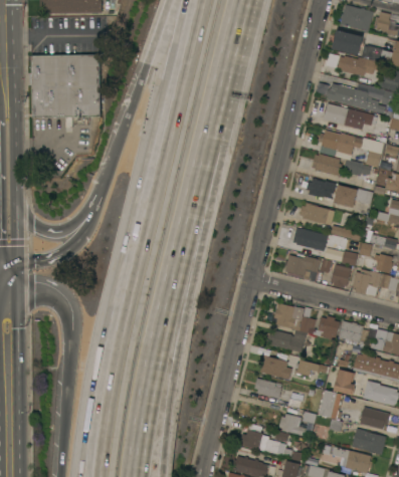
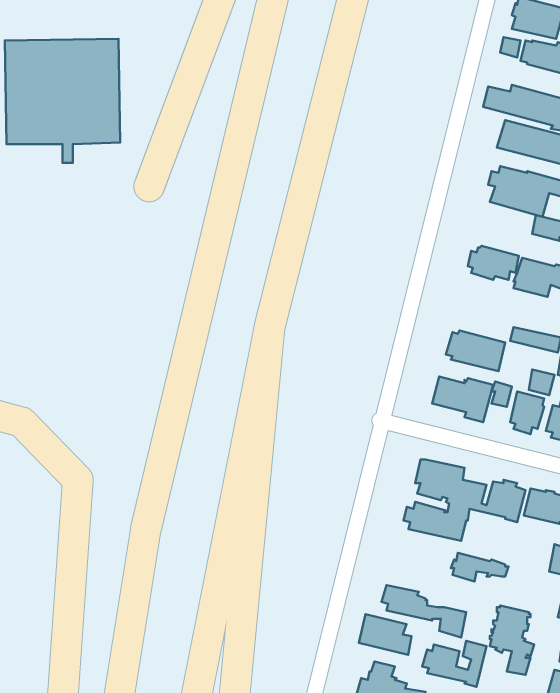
building: [312,154,342,177] -> none
building: [300,203,335,226] -> none
building: [260,355,291,380] -> [359,614,411,655]
building: [334,370,355,396] -> none

